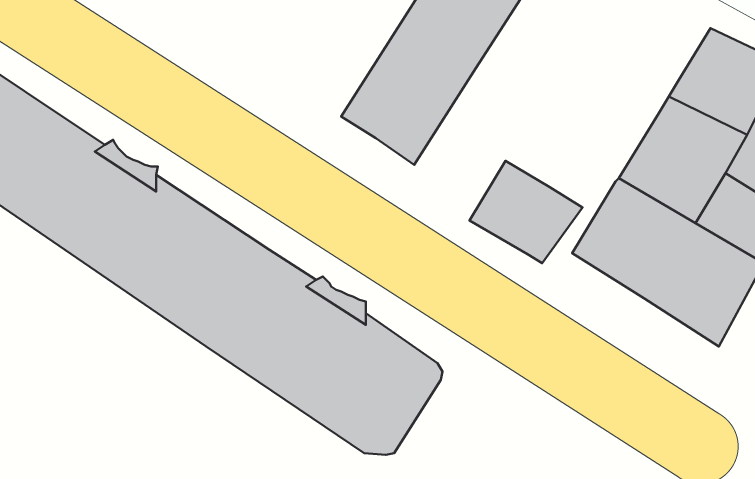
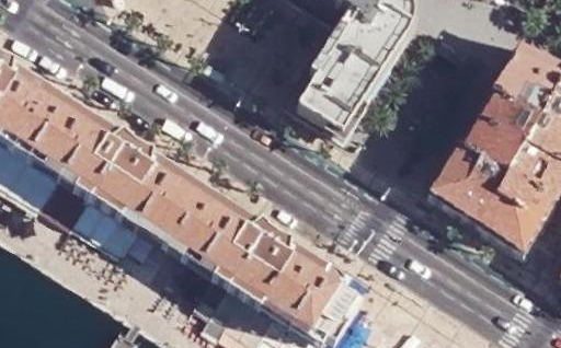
building: [470,161,583,263] -> none

